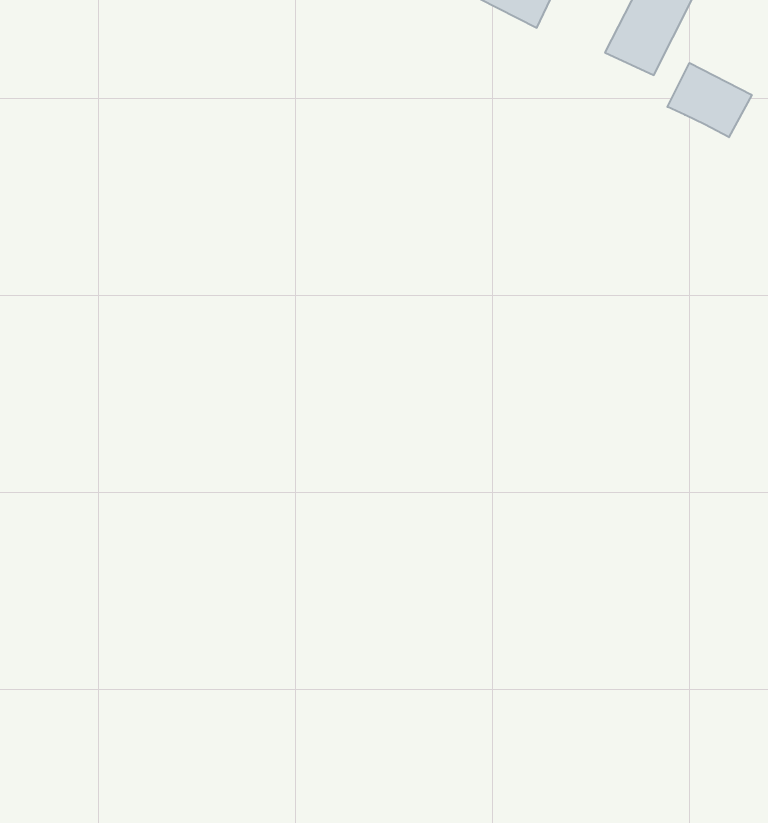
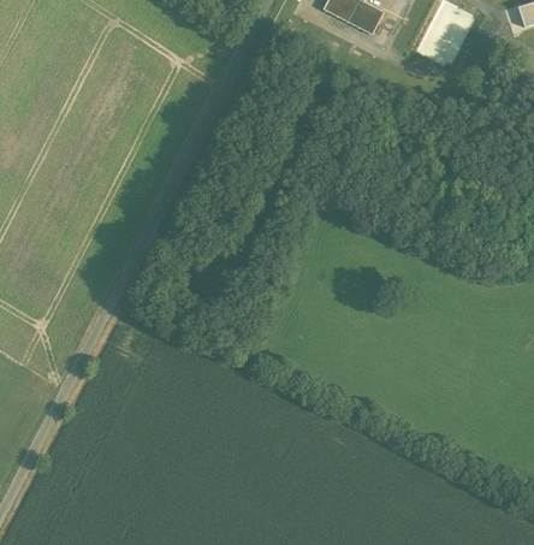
building: [667,63,752,137] -> none

